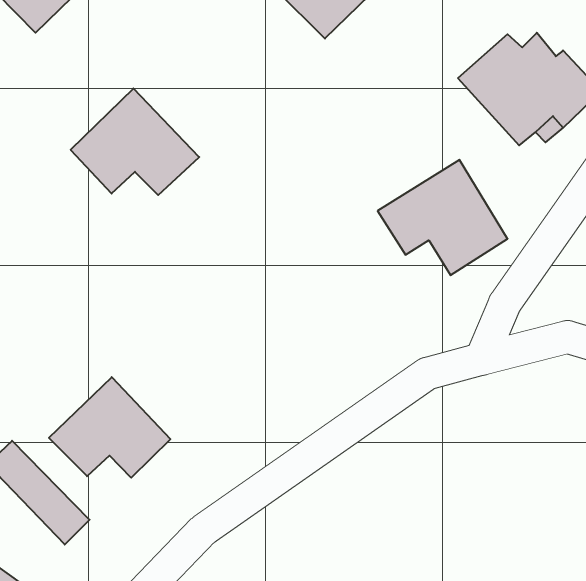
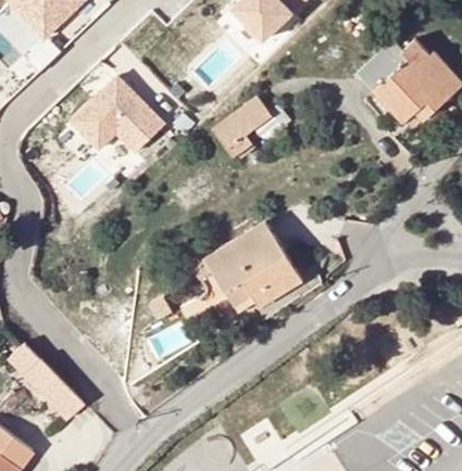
building: none -> [214,97,273,157]
building: [378,160,508,275] -> [208,220,304,306]
building: [49,377,170,478] -> none

